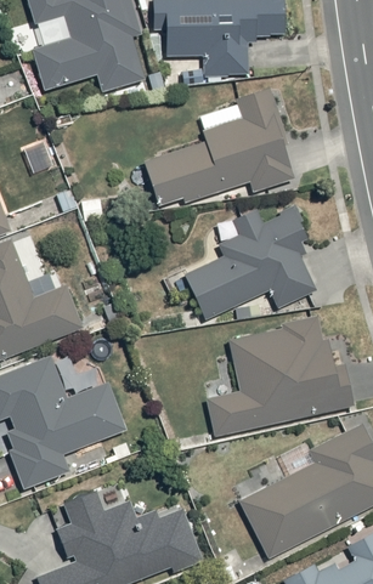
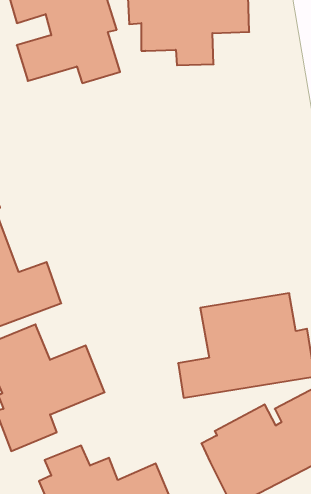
building: [142,79,292,211] -> none
building: [185,211,312,321] -> none

